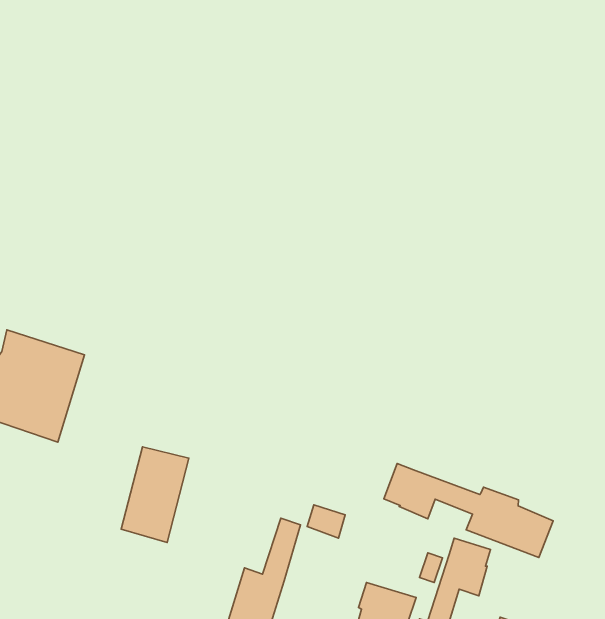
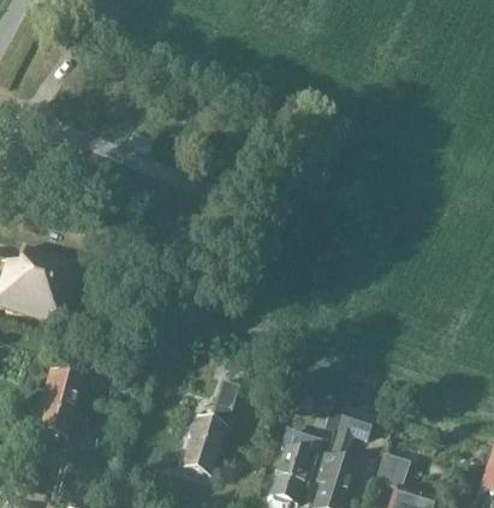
building: [121,447,189,543] -> [35,367,84,437]
building: [384,463,553,557] -> none

